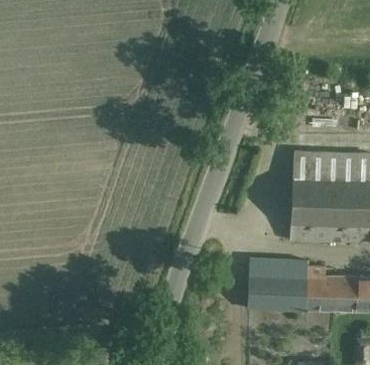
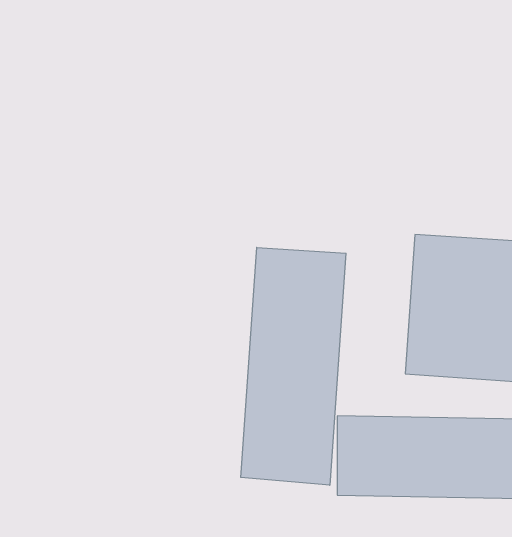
building: none -> [241,247,346,485]

